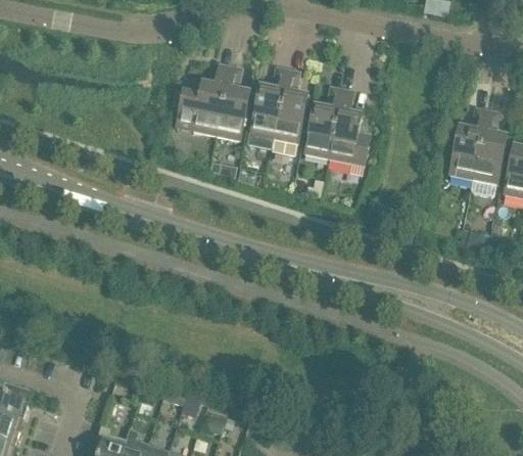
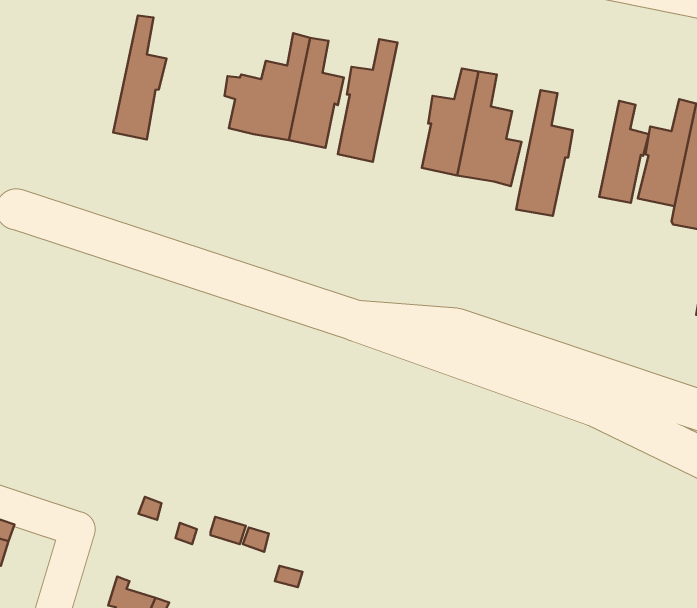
building: none -> [113,15,166,140]
building: [271,69,308,152] -> [516,90,573,216]
building: none -> [599,101,649,203]

